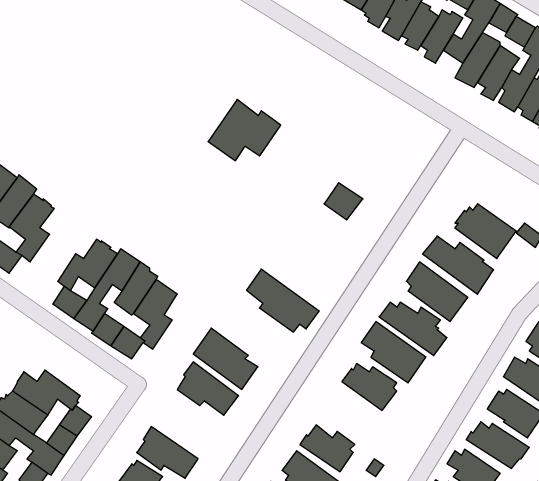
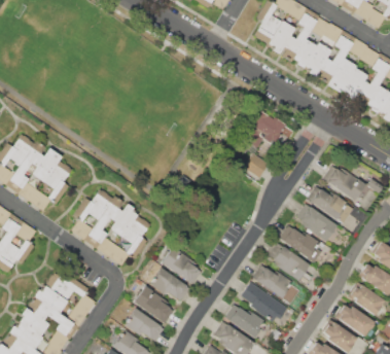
building: [208,99,281,161] -> [240,109,286,148]
building: [247,269,319,332] -> [241,282,287,322]
building: none -> [134,286,174,324]

